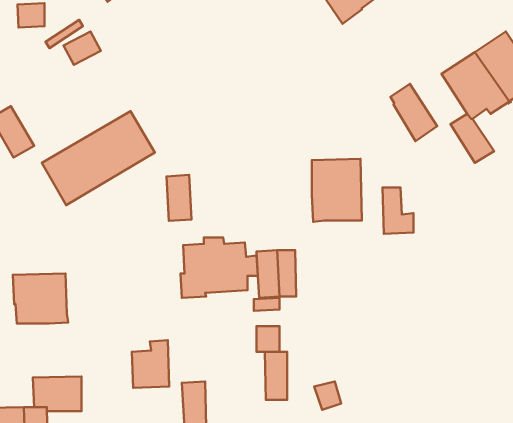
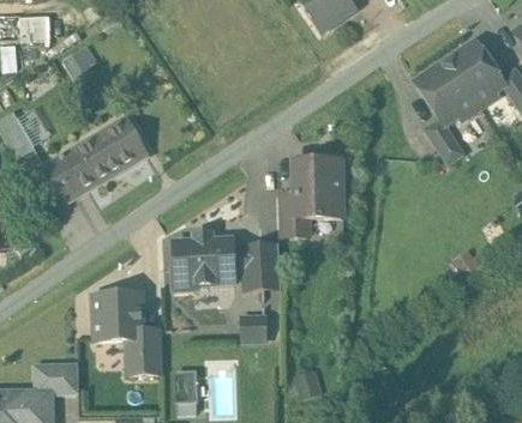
building: [391,84,437,141] -> none
building: [167,175,192,221] -> none
building: [383,188,413,234] -> [277,194,306,237]
building: [13,273,68,324] -> [92,294,144,340]
building: [265,352,287,400] -> none

